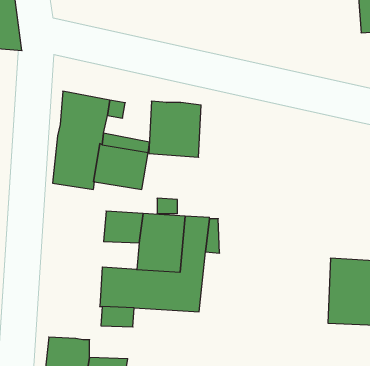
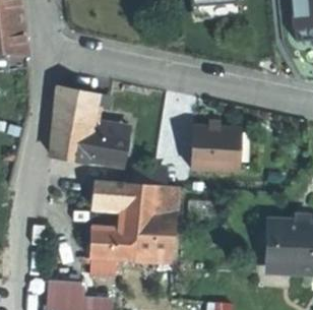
building: [149,101,201,157] -> [192,127,234,172]

